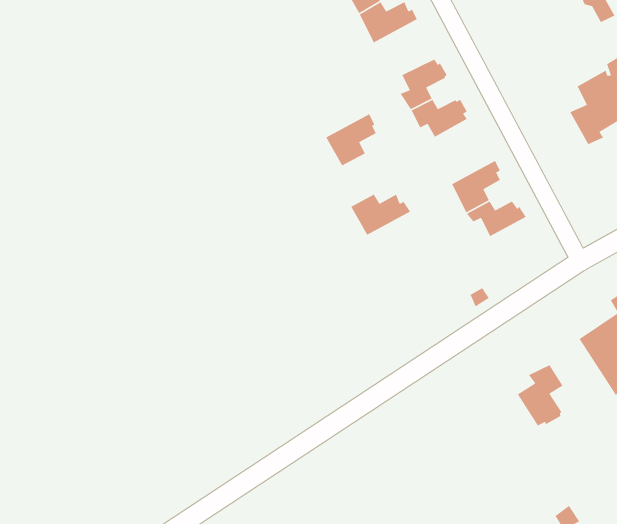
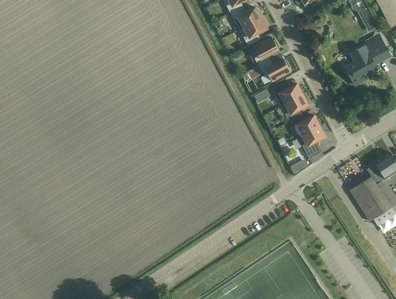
building: [325,113,377,167] -> [239,17,267,46]
building: [350,193,411,236] -> [272,83,305,106]
building: none -> [298,124,326,159]
building: [517,364,564,426] -> none

